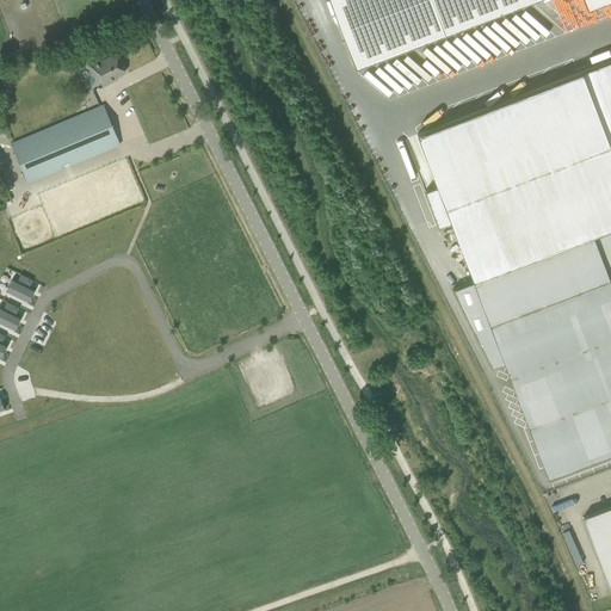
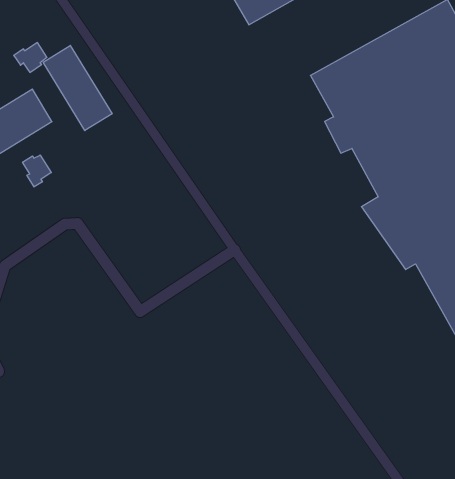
building: none -> [43,45,112,131]
building: none -> [23,155,51,187]

